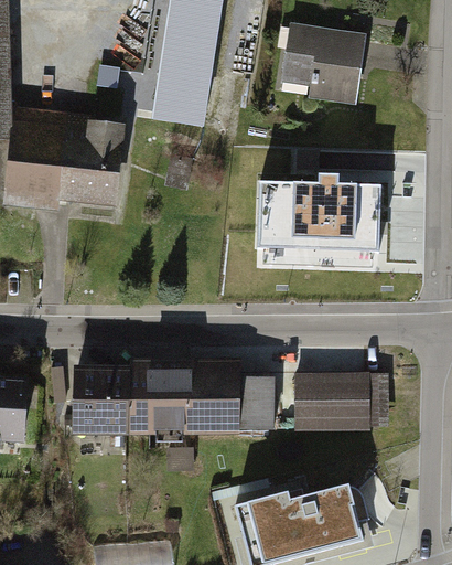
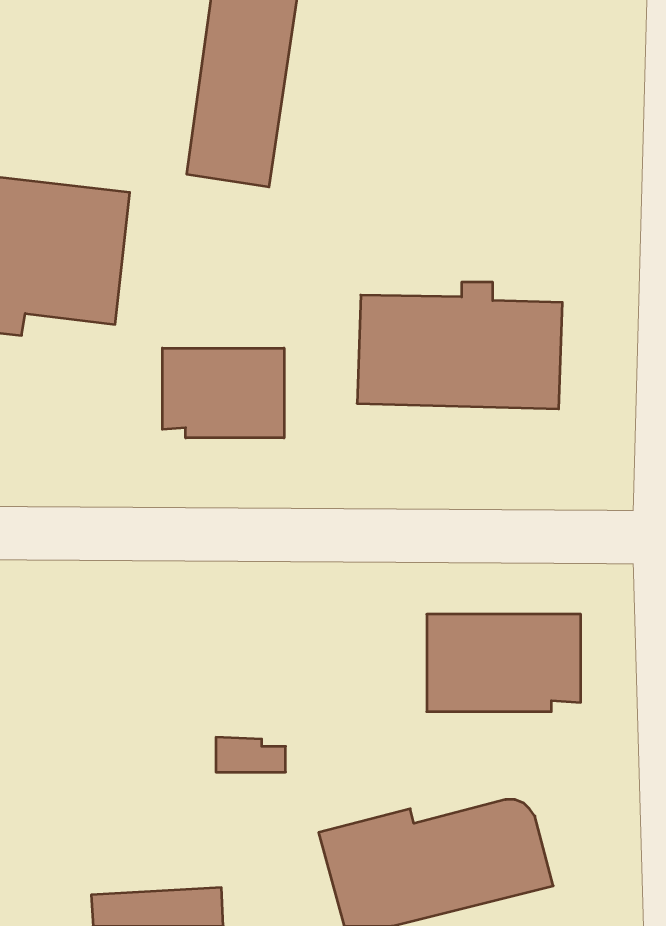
building: [280,23,370,109] -> none
building: none -> [162,348,284,438]
building: [74,358,278,437] -> none

